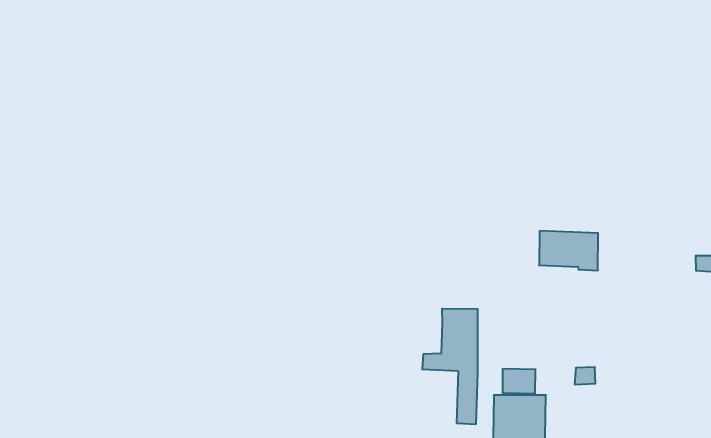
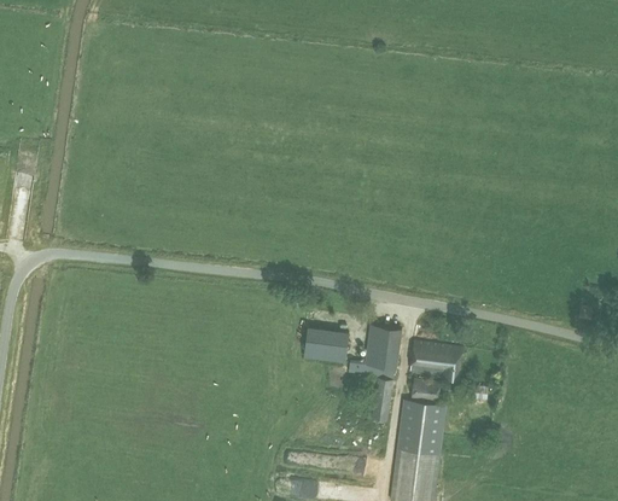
building: [539,231,598,270] -> [410,342,461,379]
building: none -> [302,327,349,363]

